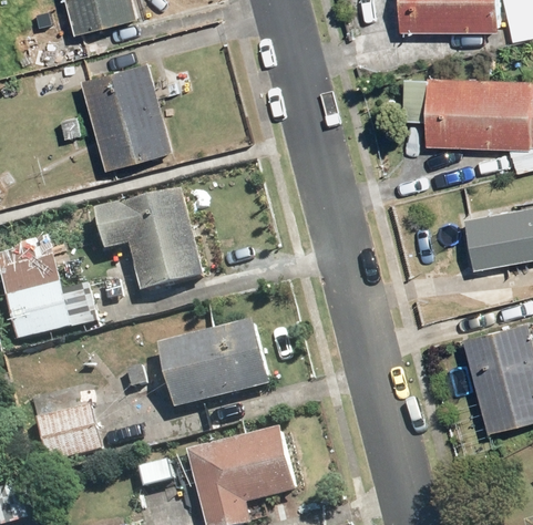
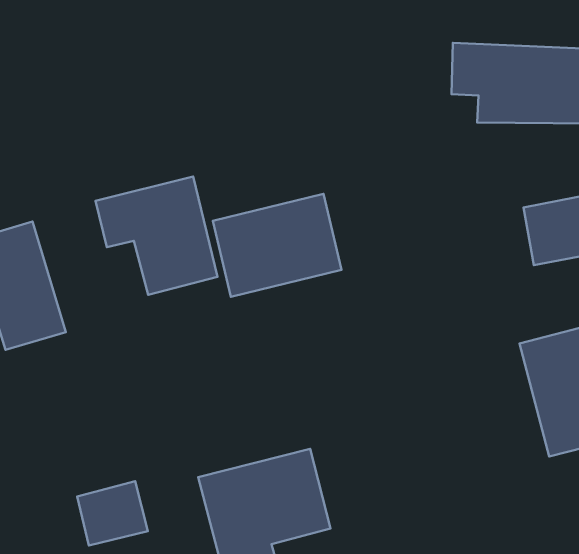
building: [81,59,175,169] -> none
building: [156,321,267,410] -> [213,194,342,297]
building: [37,408,98,463] -> [77,481,148,545]

